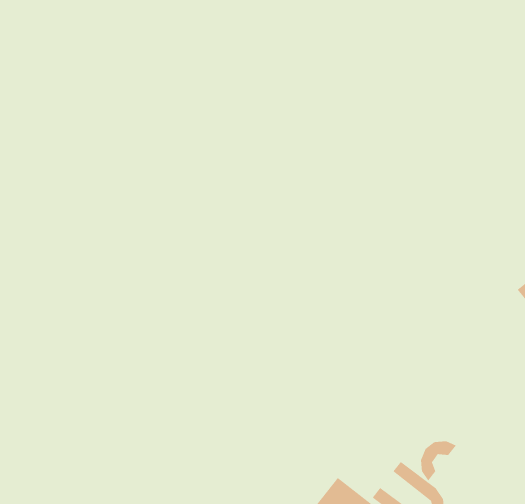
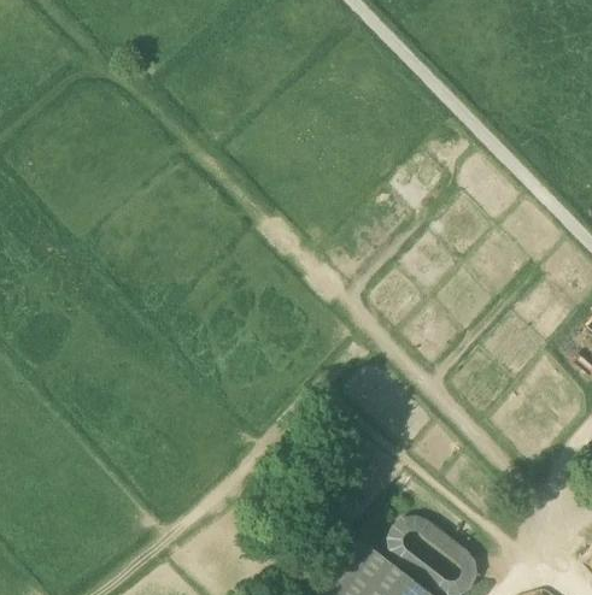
building: [420,441,457,482] -> [399,523,438,566]

